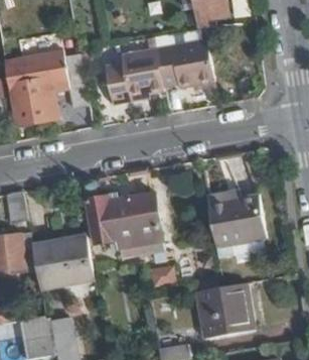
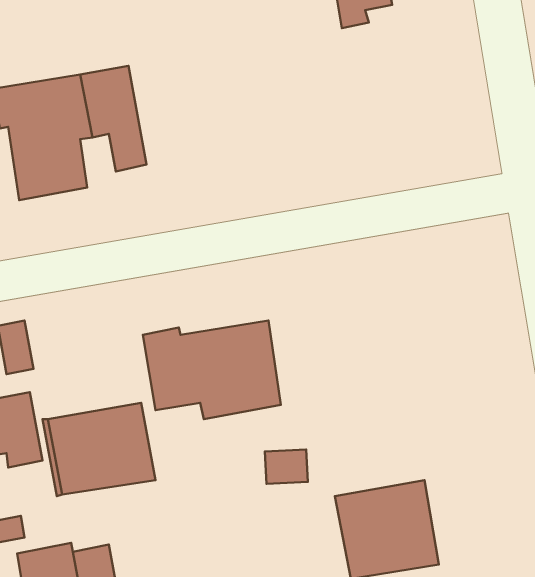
building: [106,40,214,103] -> none
building: [205,197,262,247] -> none

